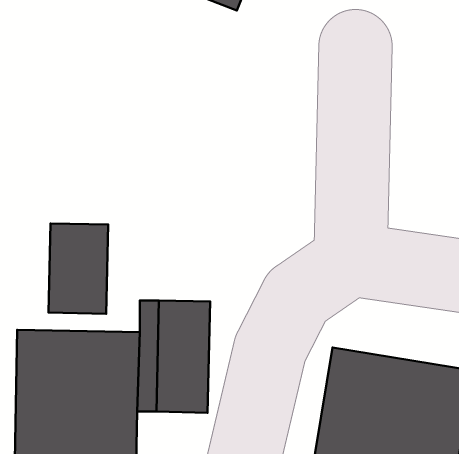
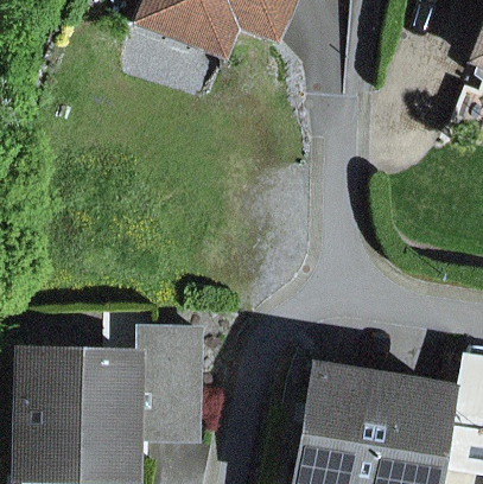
building: [49,223,108,314] -> none

